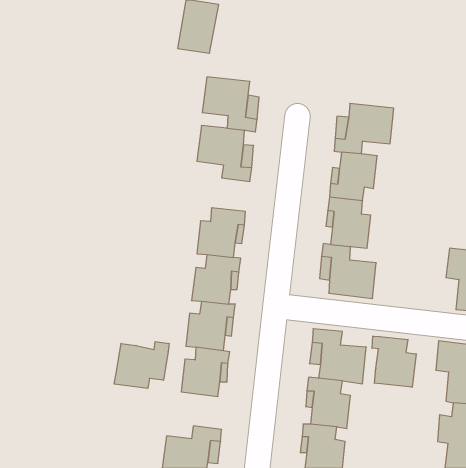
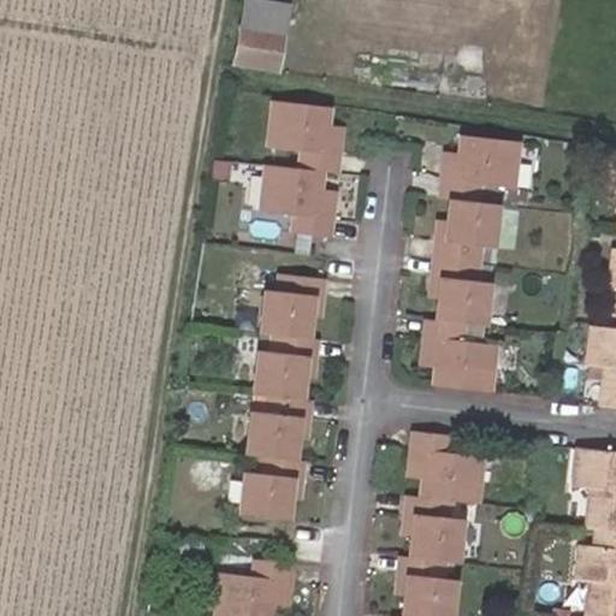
building: [372,336,416,387] -> none
building: [114,342,169,388] -> none

